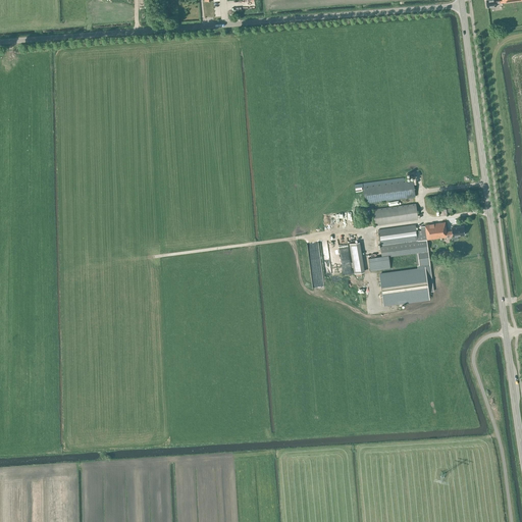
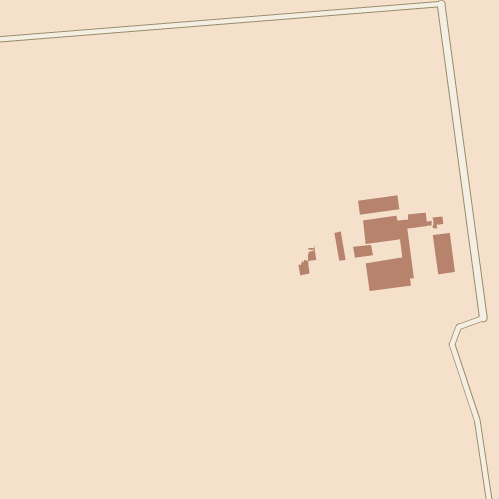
building: [362,178,414,203] -> none
building: none -> [432,232,456,275]

